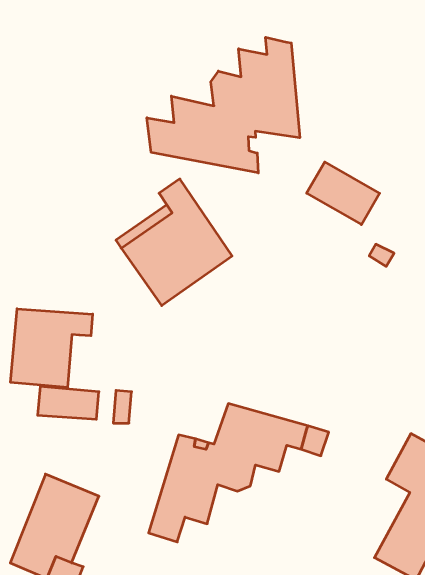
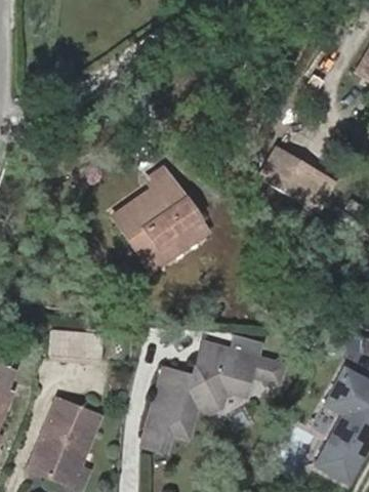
building: [147,37,300,173] -> none
building: [11,309,93,387] -> none

